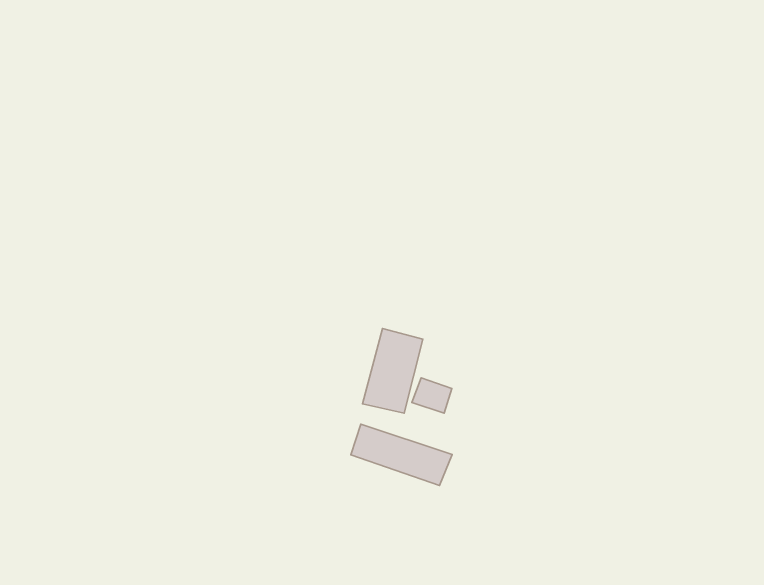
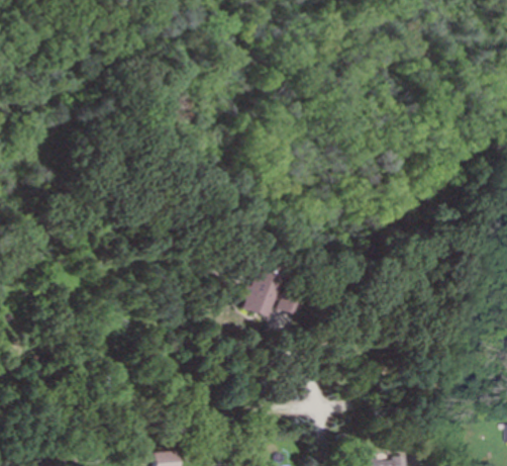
building: [351,424,452,485] -> none

